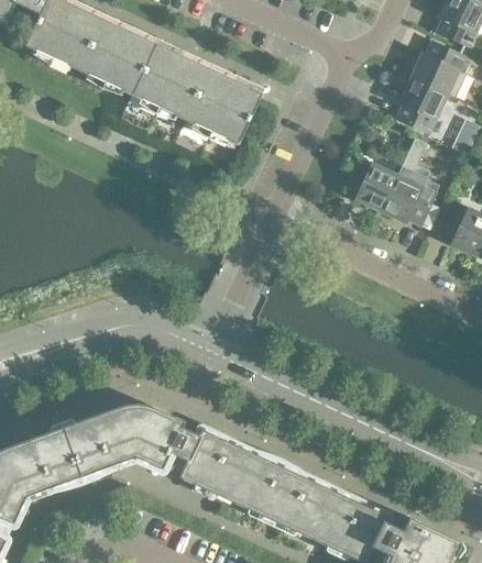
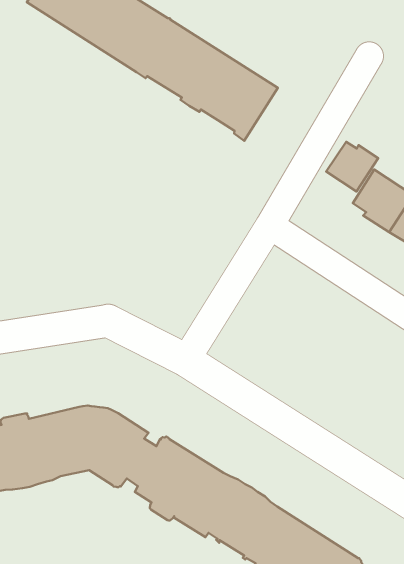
building: none -> [326,142,378,191]

